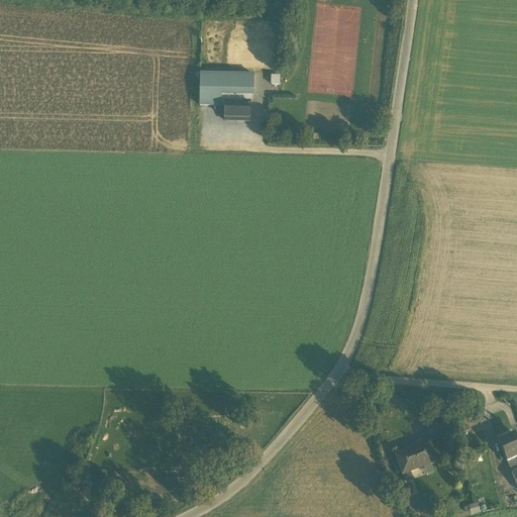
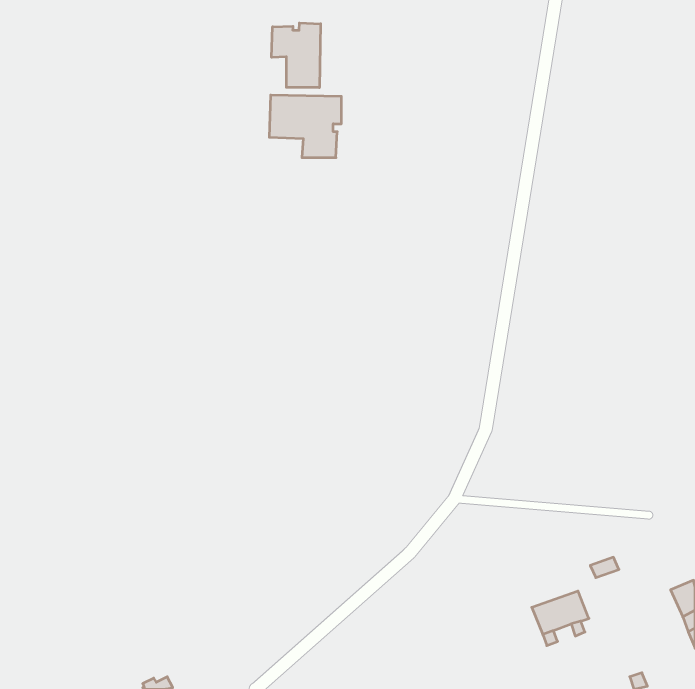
building: none -> [272,23,321,88]

